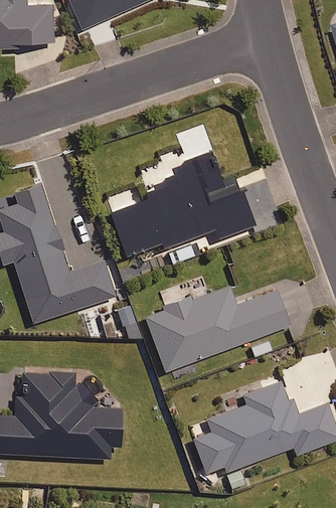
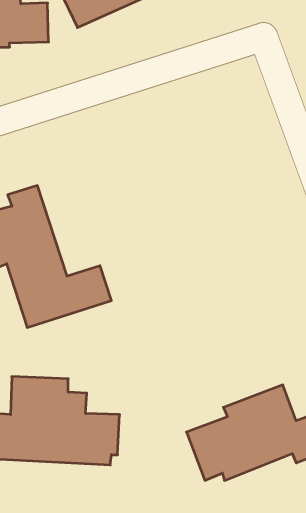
building: [106,151,253,256] -> none
building: [144,285,288,371] -> none

